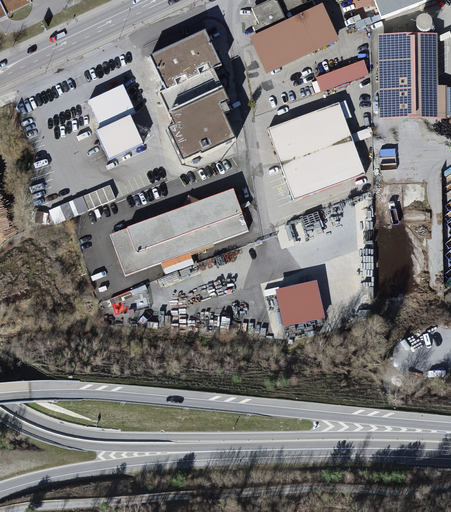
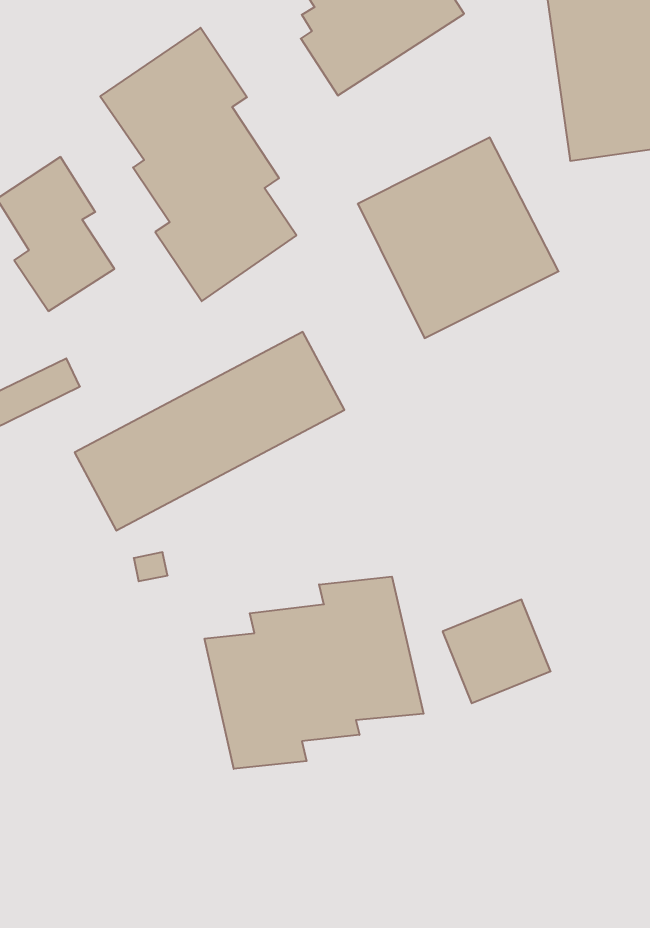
building: [318,59,371,92] -> none
building: [274,279,326,328] -> [443,600,551,703]
building: none -> [205,577,424,769]

